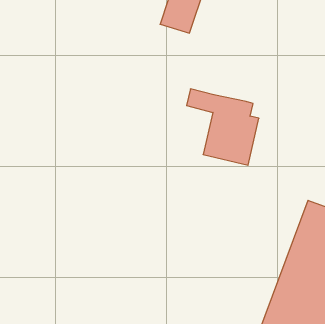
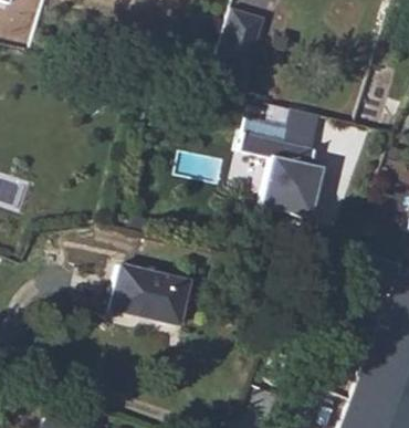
building: none -> [274,113,315,146]
building: none -> [108,264,186,325]

